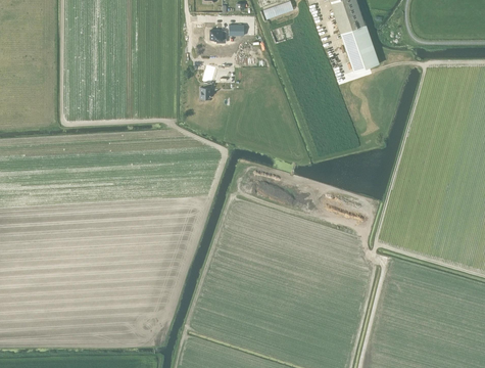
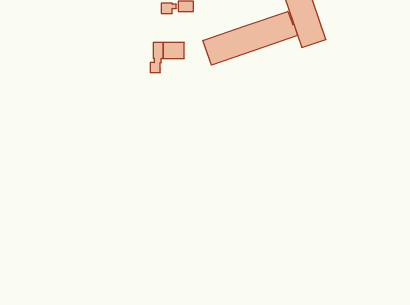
building: none -> [203,11,297,65]

